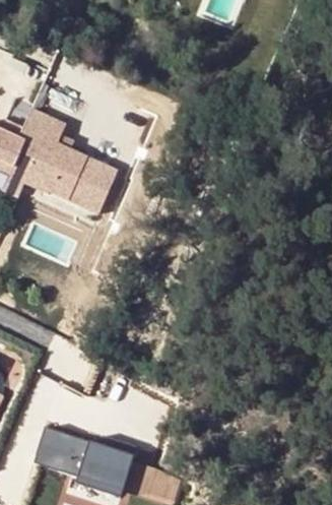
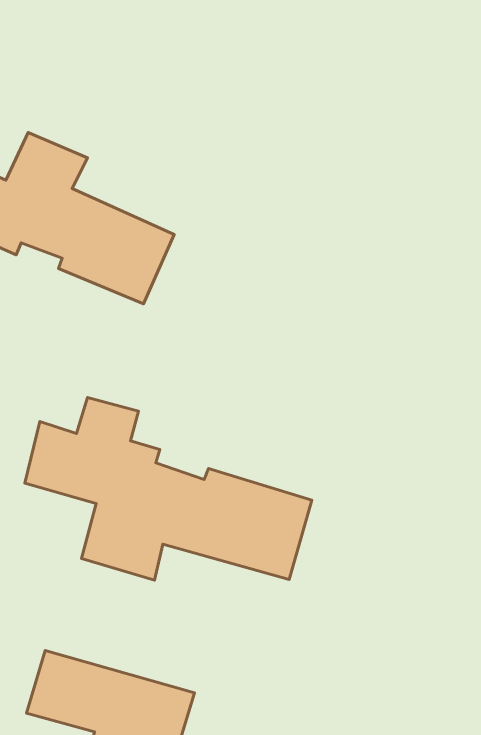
building: none -> [25,397,312,580]

